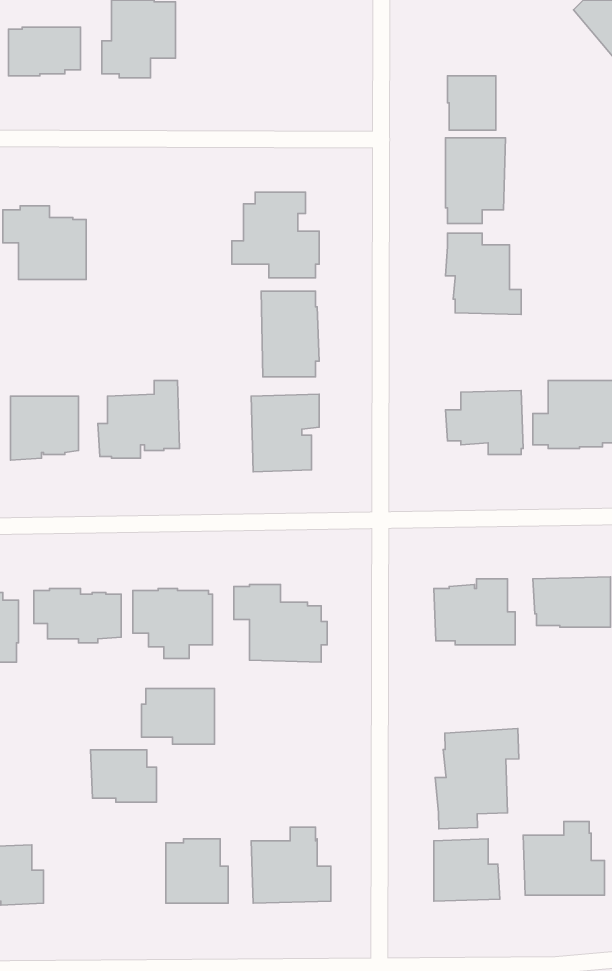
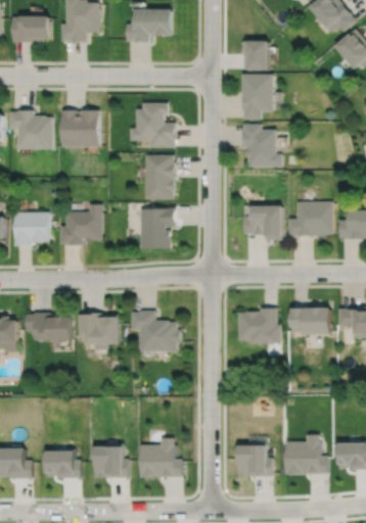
building: none -> [127,9,173,43]
building: none -> [61,110,99,147]
building: [141,689,214,744] -> none
building: [435,729,519,829] -> none
building: [91,750,157,802] -> [45,449,80,477]

